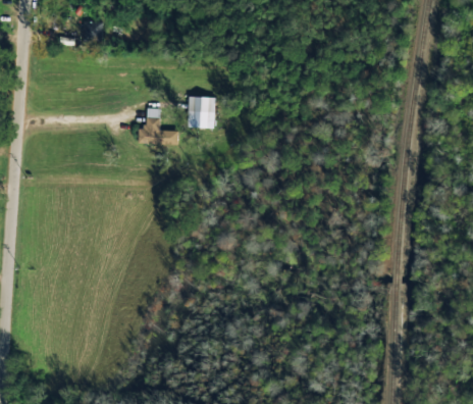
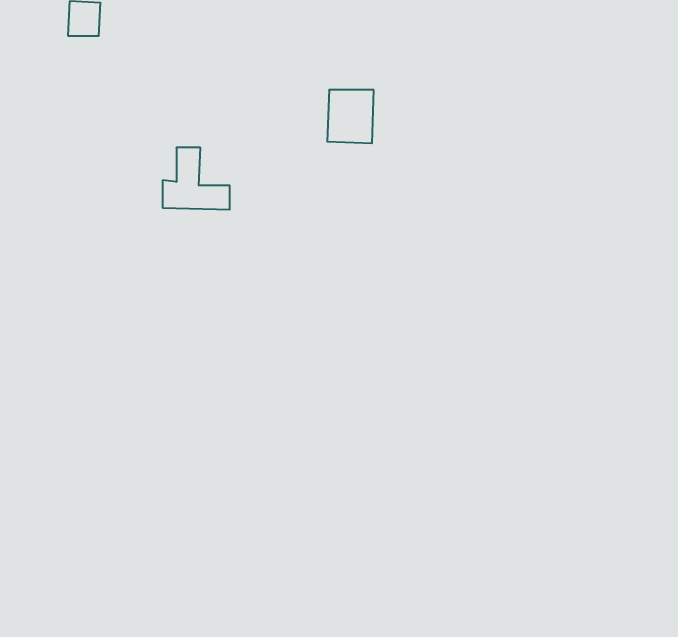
building: [187,97,214,129] -> [327,90,374,143]

